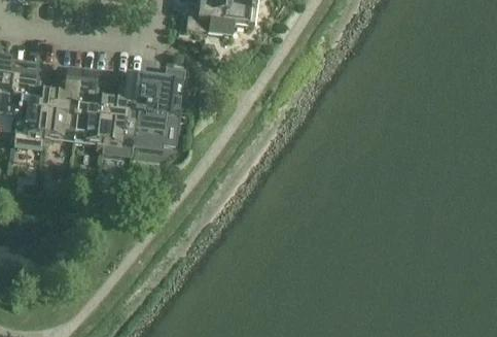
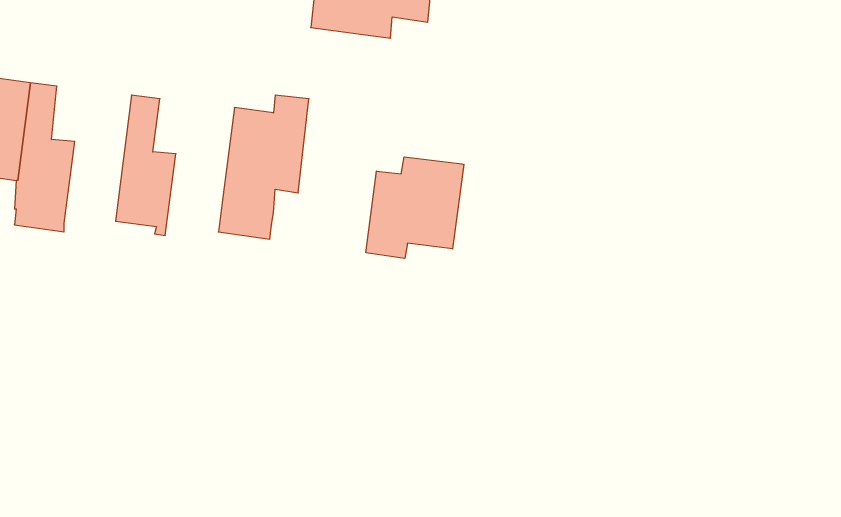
building: [44,65,83,142] -> none
building: [103,72,143,157] -> none
building: none -> [366,157,464,258]

